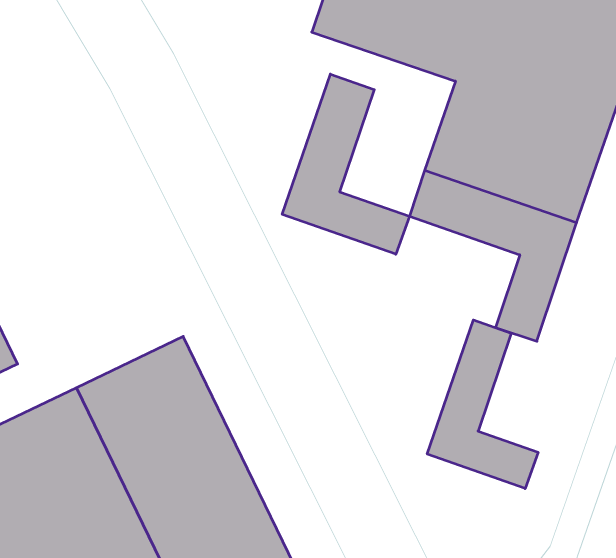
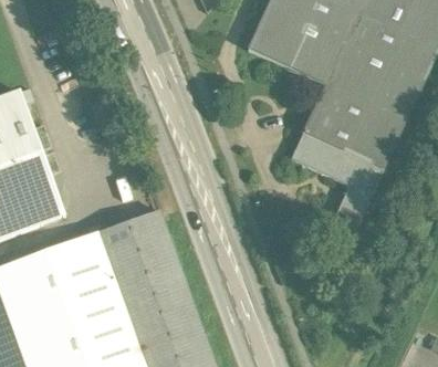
building: [282,74,409,254] -> none
building: [427,320,538,489] -> none

